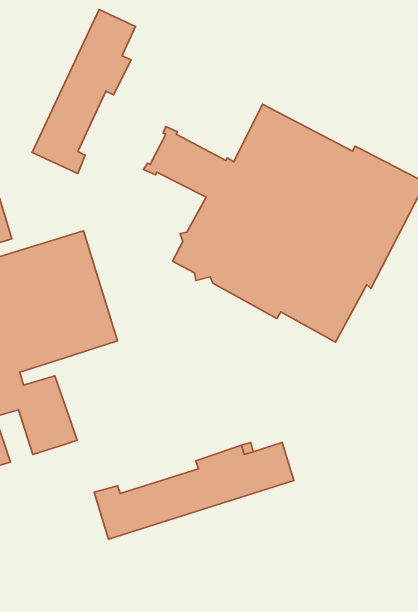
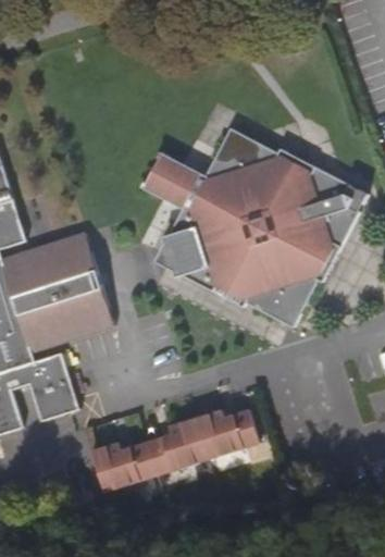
building: [32,10,136,173] -> none

